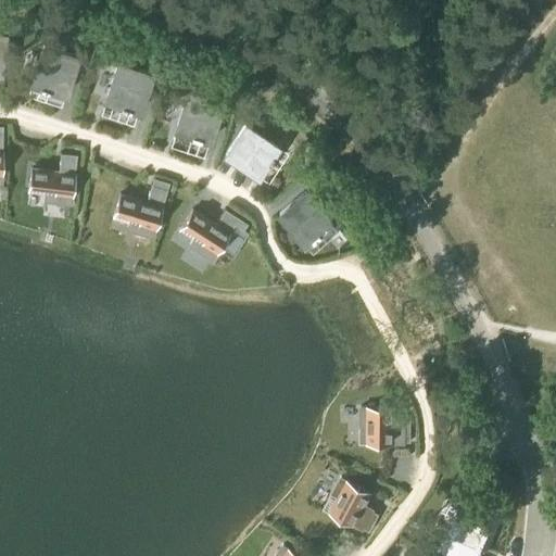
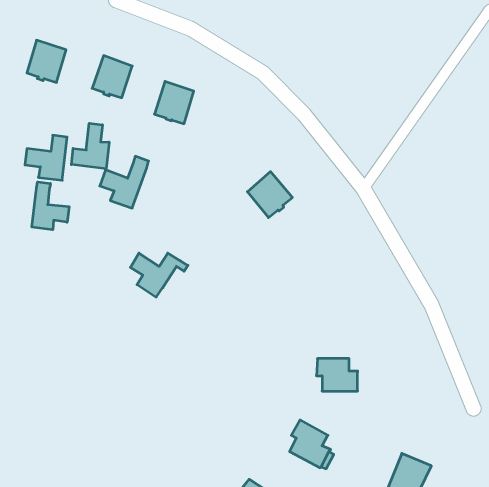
building: [226,125,276,177] -> none
building: none -> [71,123,109,169]
building: none -> [32,182,69,230]
building: [182,213,248,263] -> [130,253,188,297]

